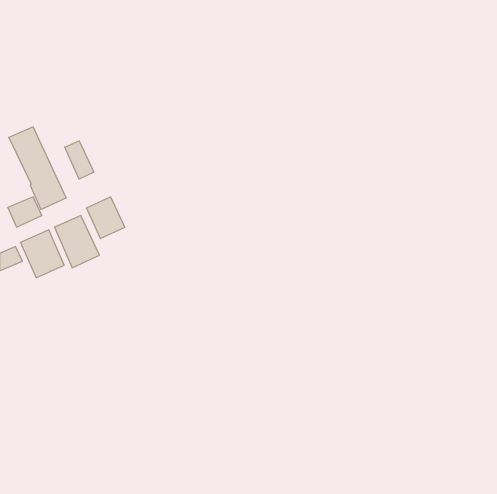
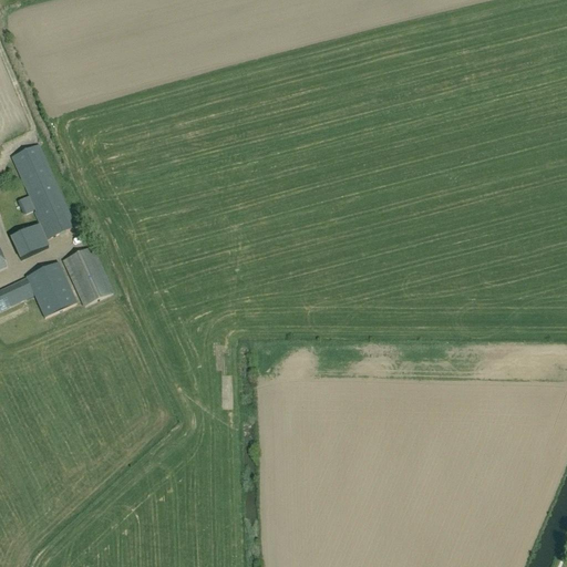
building: [65,141,94,179] -> none
building: [86,197,125,239] -> none

